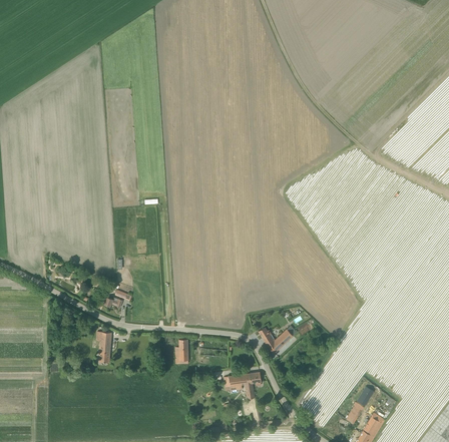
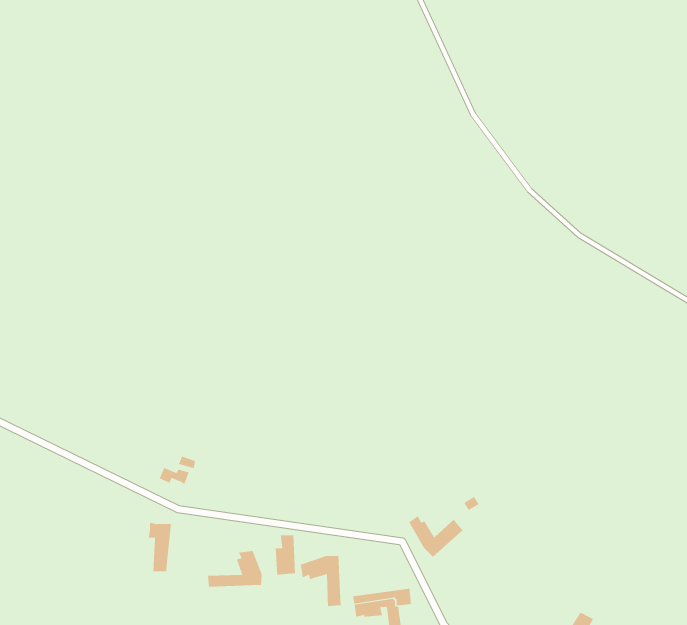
building: none -> [208,550,262,588]
building: none -> [300,555,341,607]

